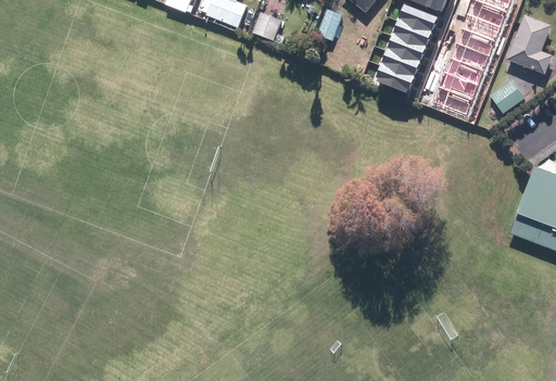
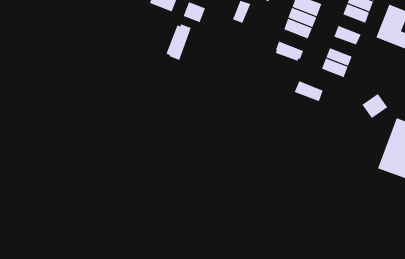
building: [457,29,494,55] -> none
building: none -> [166,23,192,61]
building: [379,49,418,77] -> [294,80,324,102]
building: [446,59,482,85] -> none
building: [491,80,526,114] -> [362,93,388,119]

